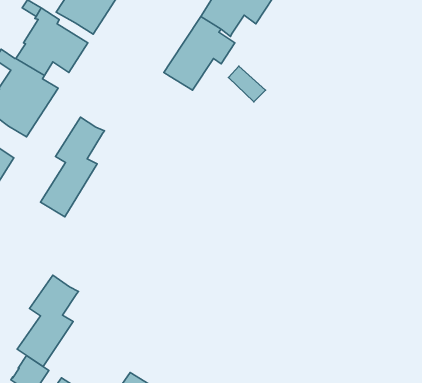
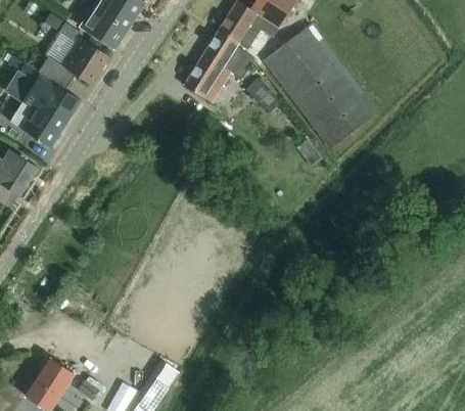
building: none -> [264,25,377,148]
building: [41,117,104,217] -> none
building: [17,275,79,367] -> none

